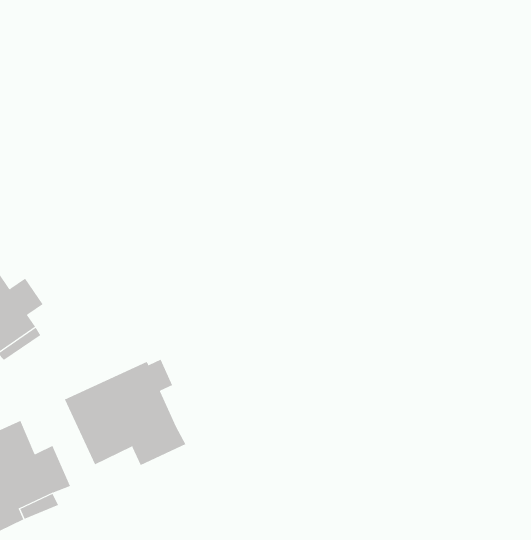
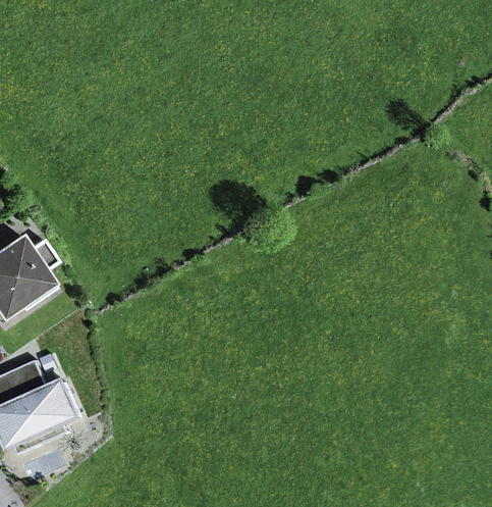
building: [64,359,186,466] -> none

